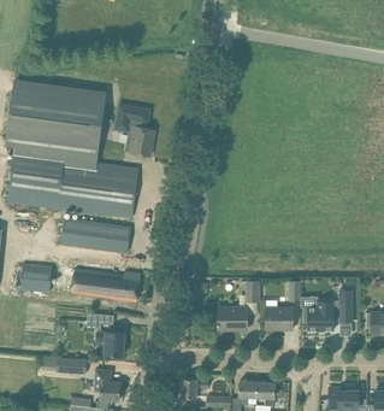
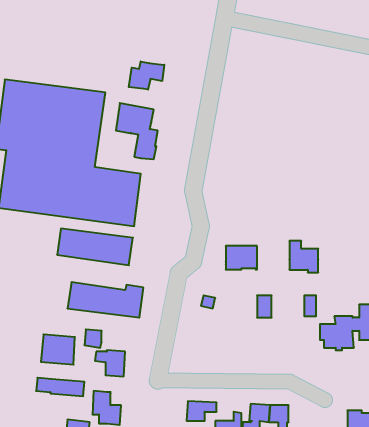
building: none -> [129,61,164,90]
building: [19,264,51,292] -> [41,334,75,365]
building: [266,301,293,330] -> [289,241,318,272]
building: [218,309,247,330] -> [226,246,257,270]

